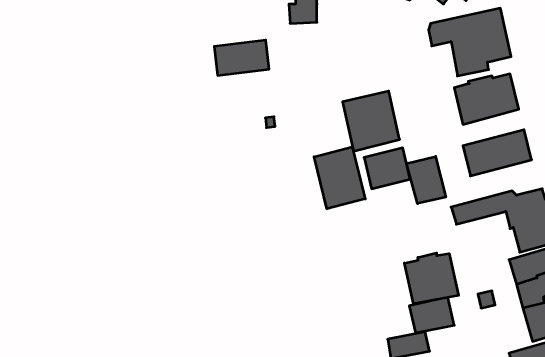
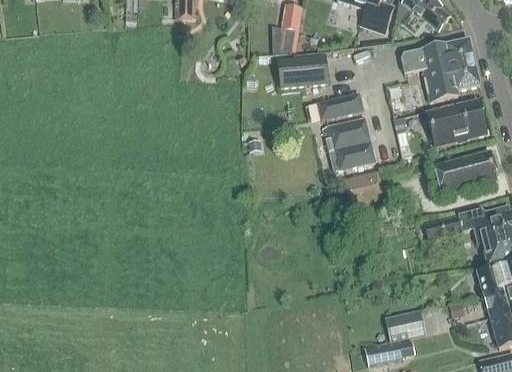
building: [214,40,269,75] -> [277,54,328,87]
building: none -> [315,90,364,119]
building: [314,147,365,209] -> none
building: [406,156,446,204] -> none
building: [404,253,459,304] -> none

